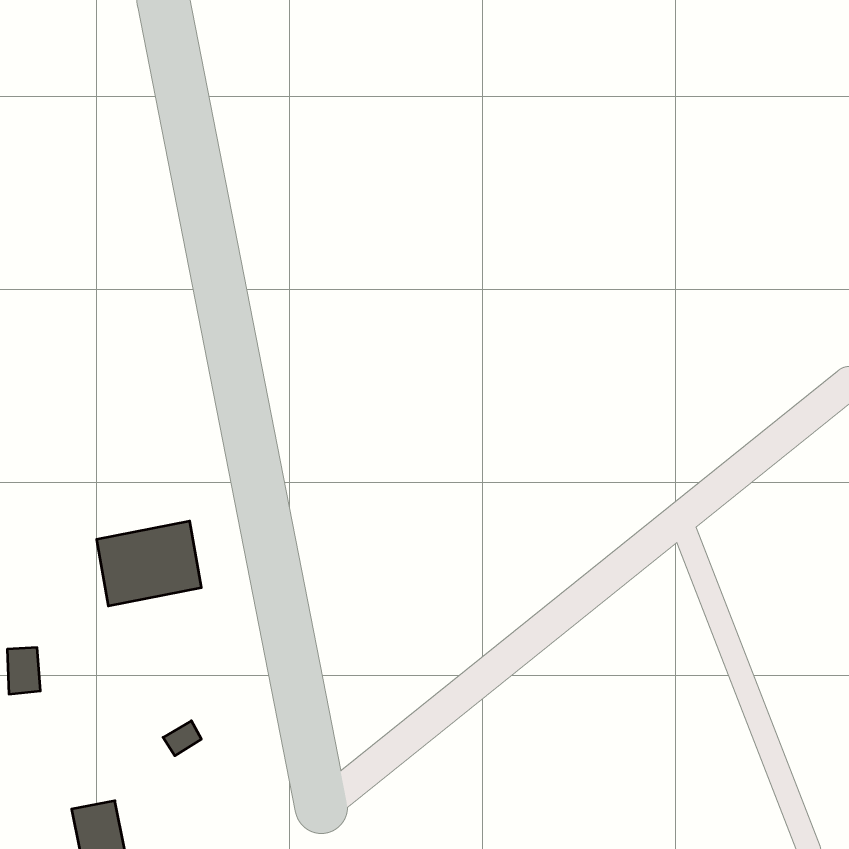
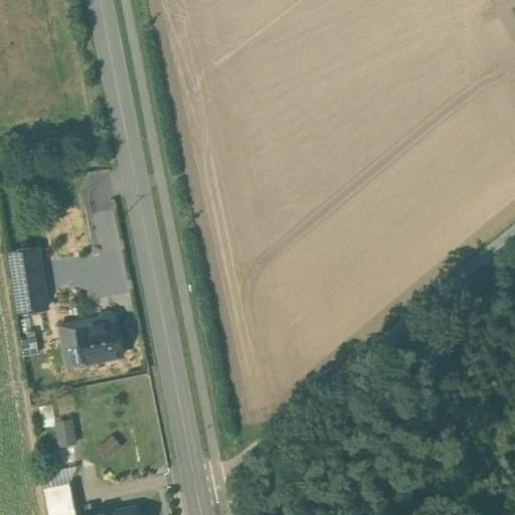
building: none -> [10,250,45,313]
building: [7,648,40,694] -> [57,417,77,446]

